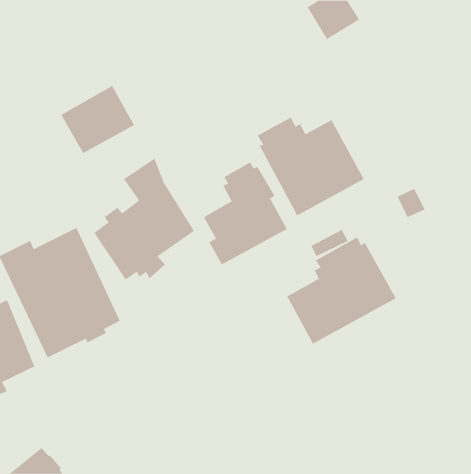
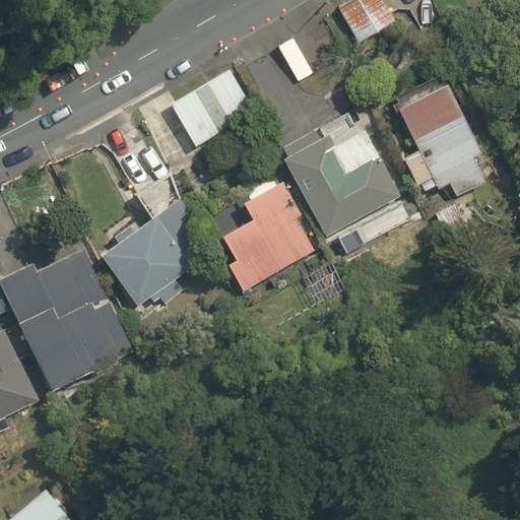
building: none -> [398,84,485,196]
building: [61,85,135,154] -> [172,69,253,144]
building: [286,237,397,344] -> none

